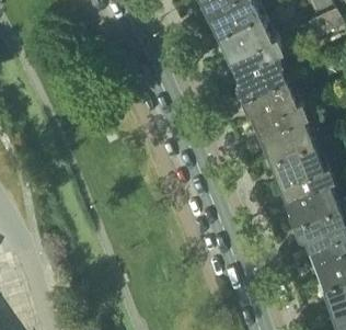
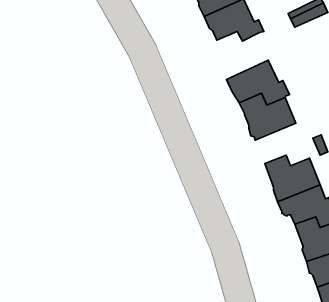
building: [230,41,292,94] -> none
building: [269,139,331,183] -> none

